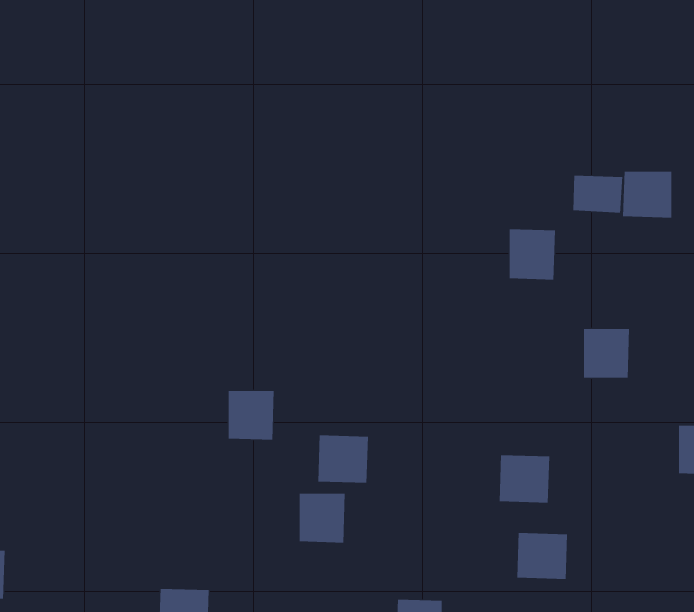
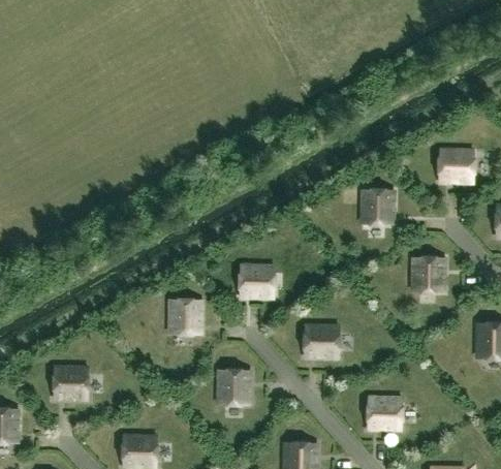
building: [573,175,623,214] -> none
building: [317,435,369,483] -> [240,263,275,296]
building: [499,455,550,503] -> [304,323,339,356]
building: none -> [54,366,88,398]

